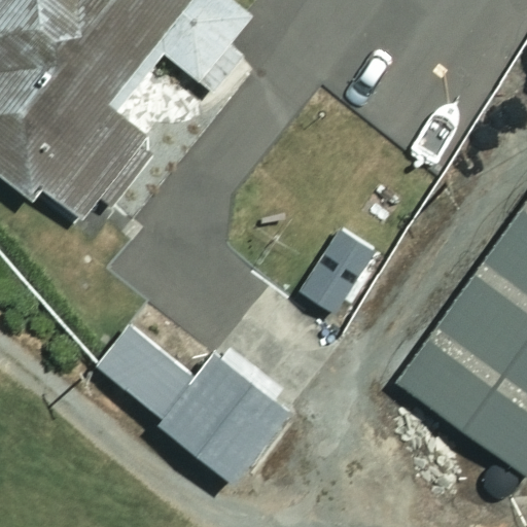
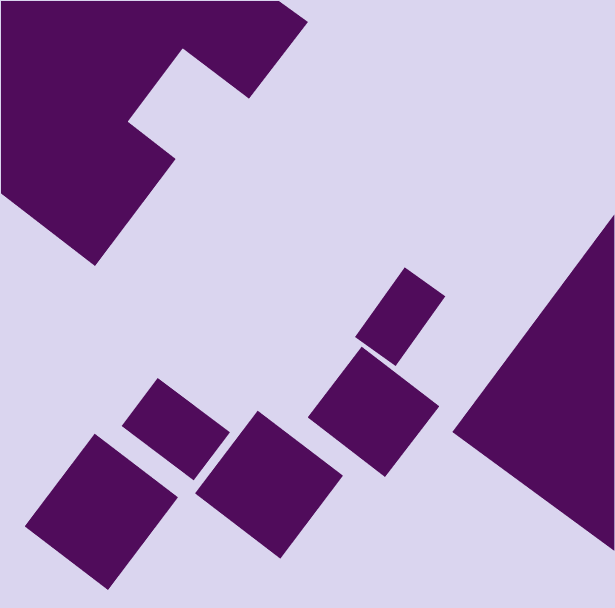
building: none -> [307,346,440,478]
building: none -> [24,433,179,591]

